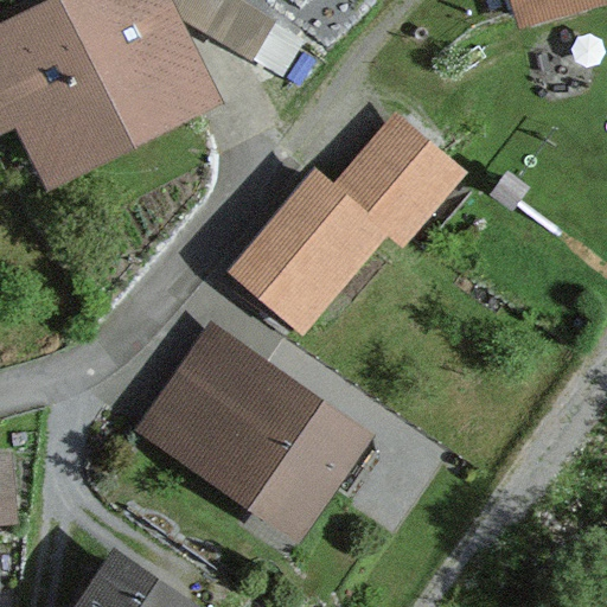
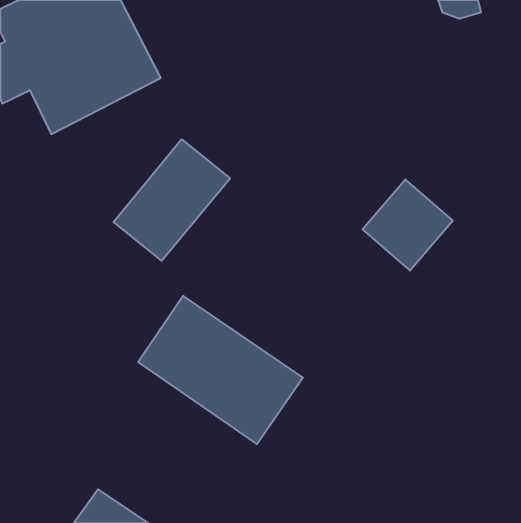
building: [349,126,453,231] -> [363,179,453,271]
building: [247,178,382,319] -> [113,139,230,261]

